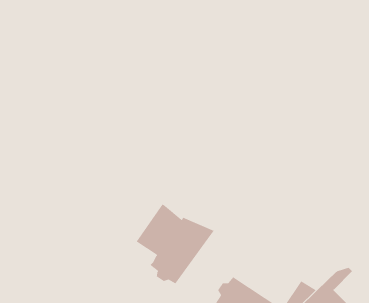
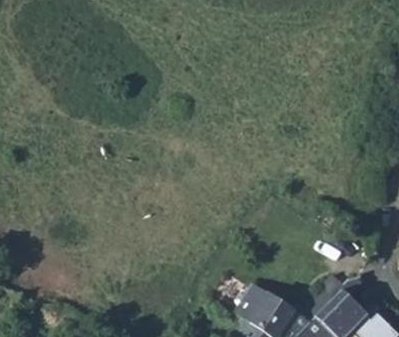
building: [136,203,214,284] -> none

